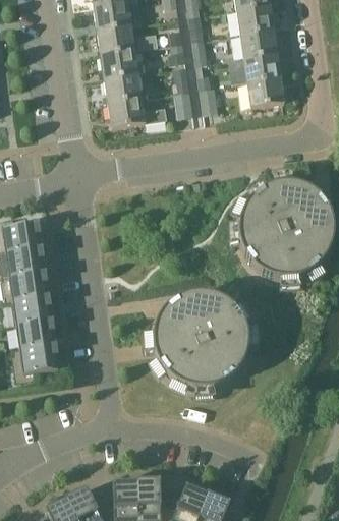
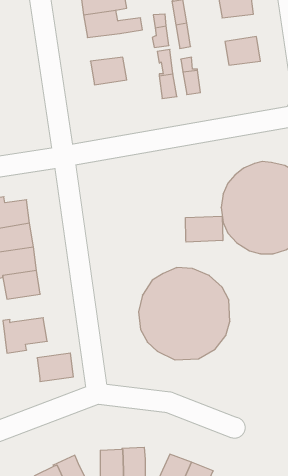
building: [240,31,276,59] -> none
building: [101,51,144,79] -> none
building: [247,79,283,108] -> none
building: [108,99,167,128] -> none
building: none -> [186,216,223,242]
building: [17,321,55,350] -> [37,353,73,382]

